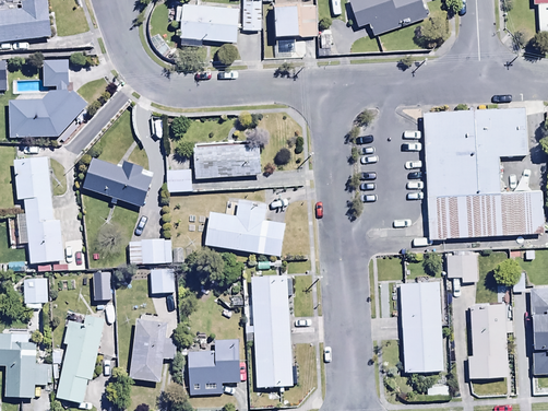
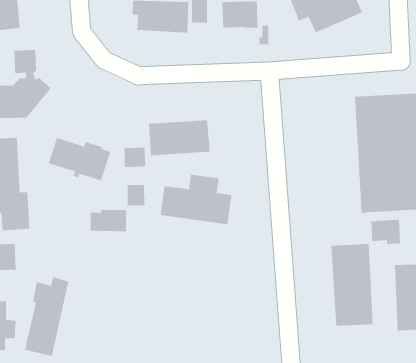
building: [150,268,170,292] -> [127,184,145,206]
building: [93,269,109,295] -> none
building: [252,274,299,391] -> none
building: [129,318,175,381] -> none
building: [189,341,246,396] -> none

